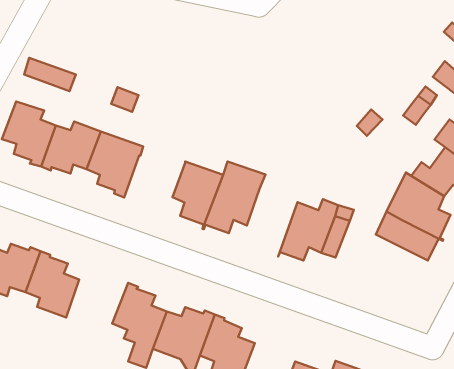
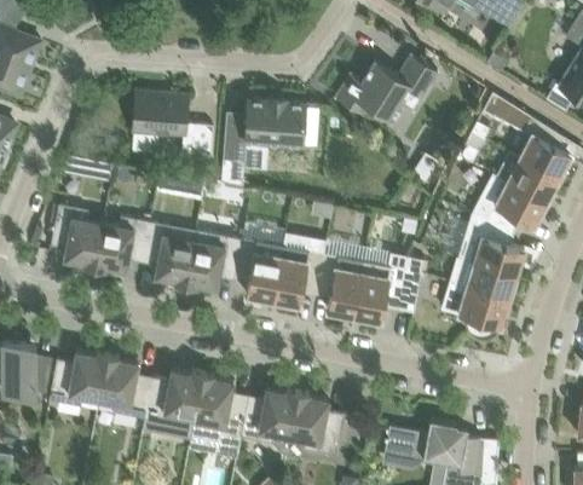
building: none -> [132,92,213,160]
building: none -> [336,56,438,122]
building: none -> [220,99,305,186]
building: none -> [185,231,242,289]
building: none -> [316,255,364,322]
building: none -> [443,283,508,341]
building: none -> [145,371,203,439]

